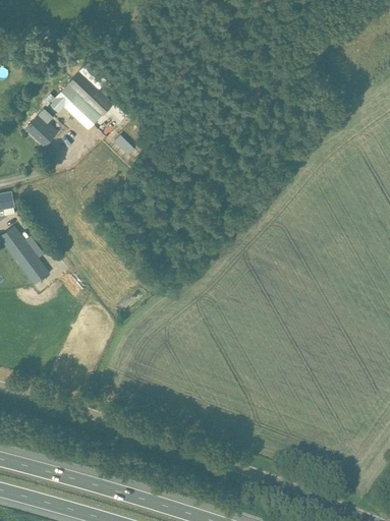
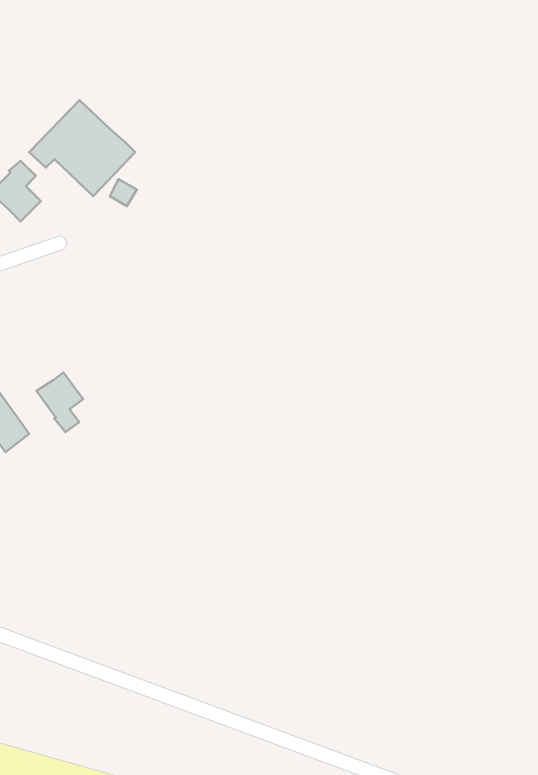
building: none -> [36,373,83,432]

